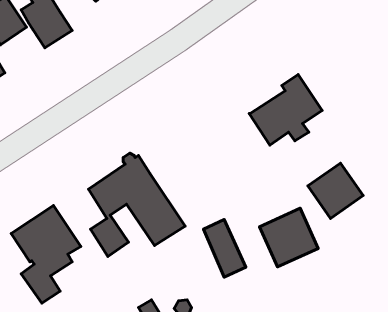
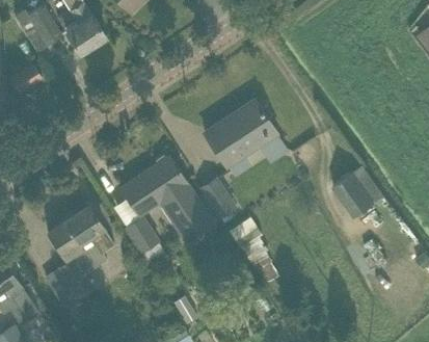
building: [249,75,322,145] -> [208,101,277,168]
building: none -> [198,176,237,217]
building: [259,208,318,267] -> none

